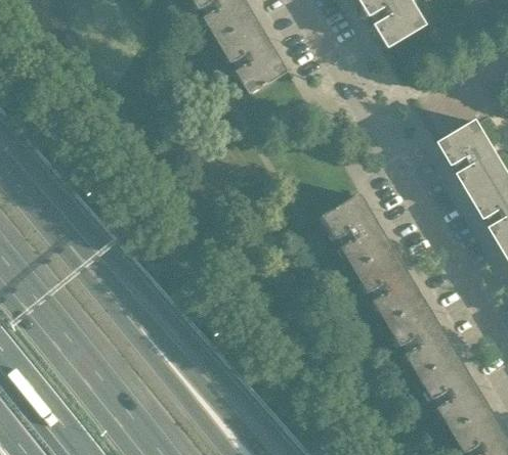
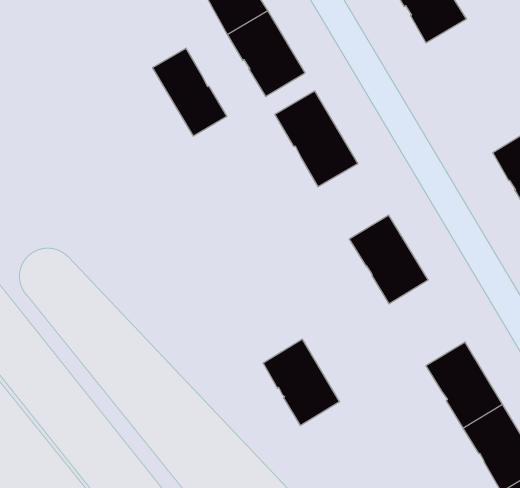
building: none -> [153,48,227,136]
building: none -> [275,91,358,187]
building: [355,248,421,322] -> [263,339,340,425]

